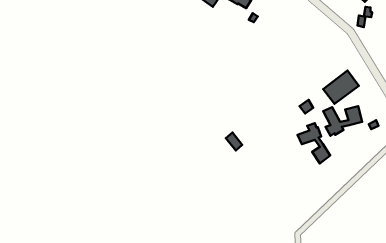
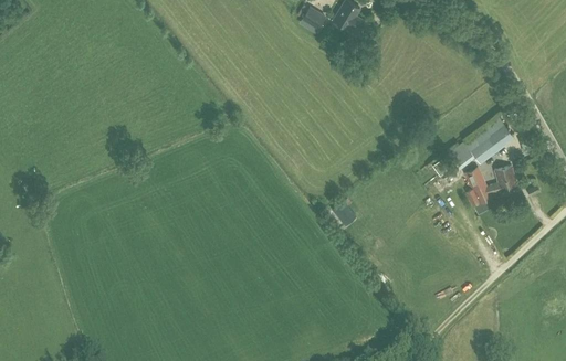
building: [298,123,330,163] -> none

